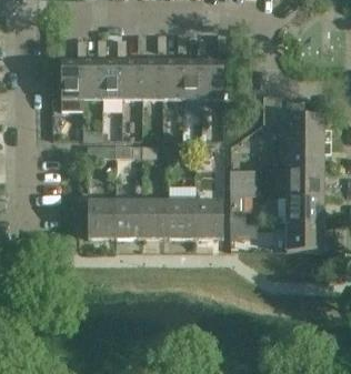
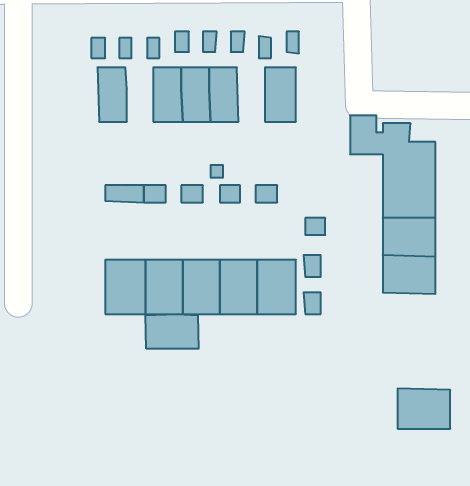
building: [61,60,82,109] -> none
building: [101,60,121,99] -> none
building: [181,60,201,99] -> none
building: [285,221,323,250] -> [398,388,450,429]
building: none -> [145,314,199,349]

